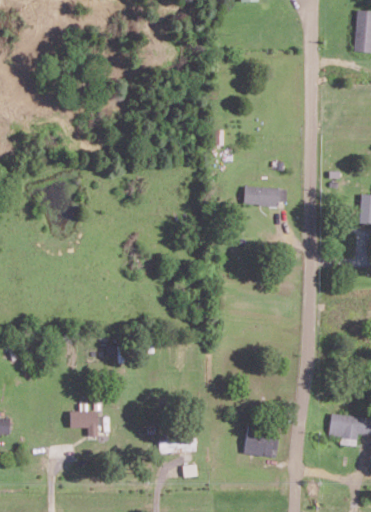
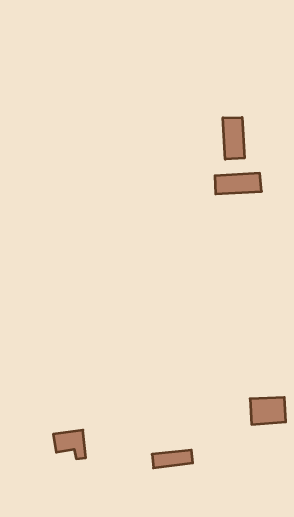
building: none -> [223,117,244,159]
building: [244,431,277,456] -> [250,397,286,424]

